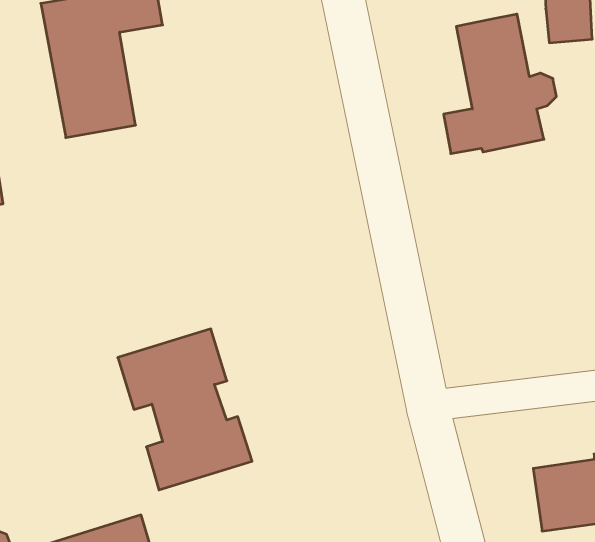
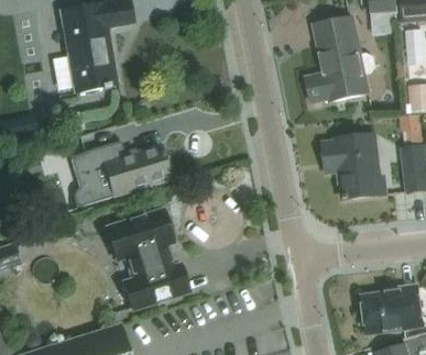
building: none -> [321,133,381,199]
building: none -> [69,141,168,206]

